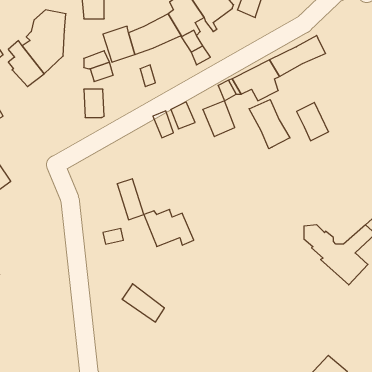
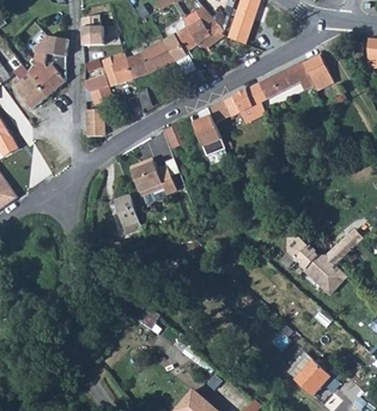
building: [249,100,290,149] -> none
building: [297,102,329,141] -> [303,54,333,90]
building: [144,209,194,247] -> [129,159,176,194]

